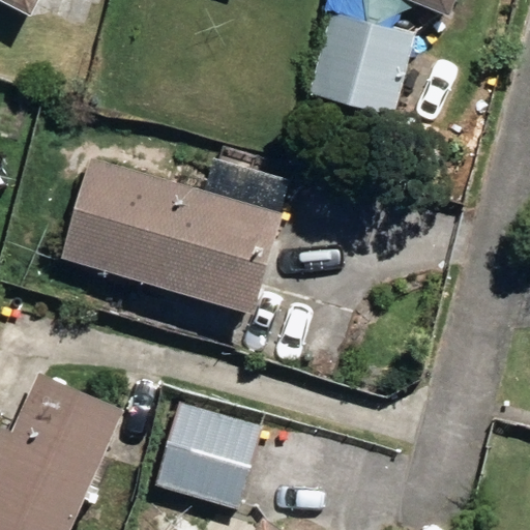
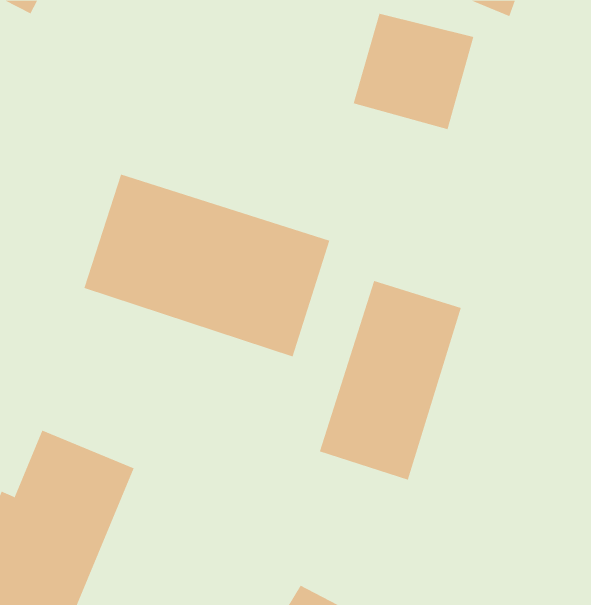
building: none -> [319,280,461,480]
building: [151,404,259,513] -> none

